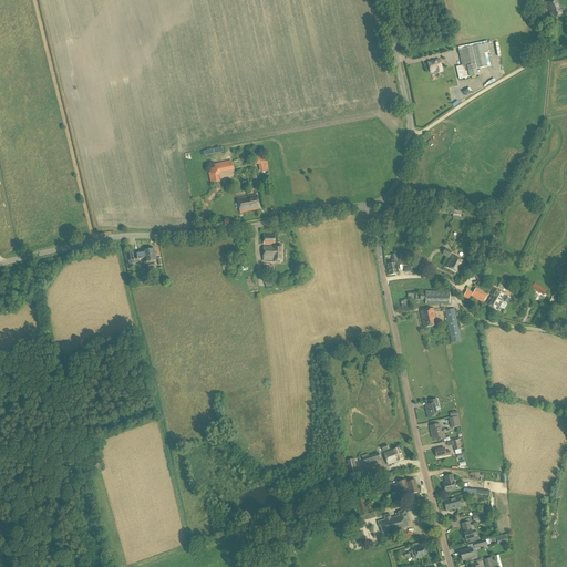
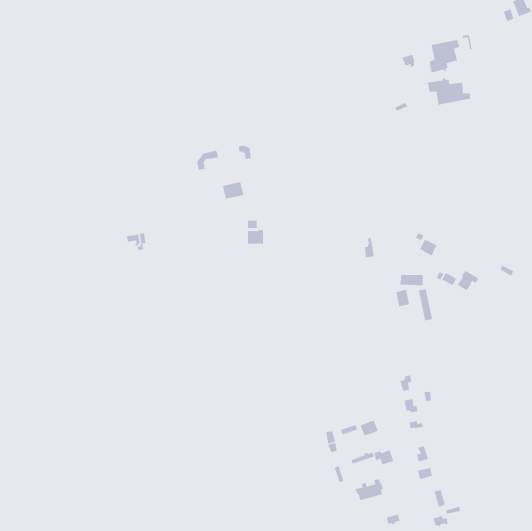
building: none -> [427,78,471,105]

